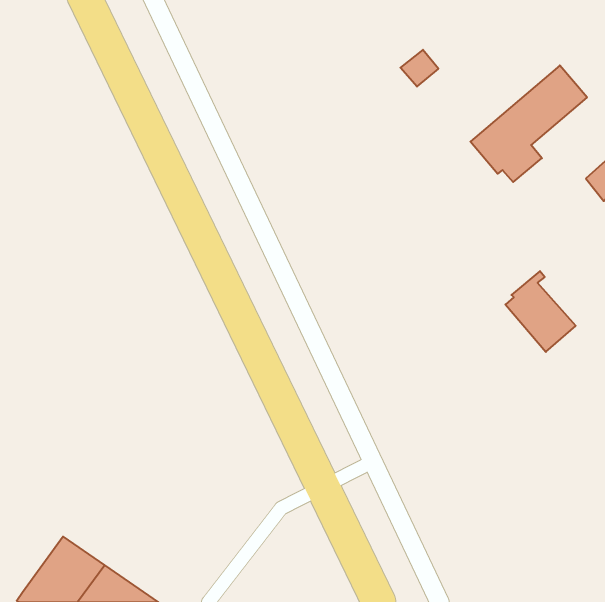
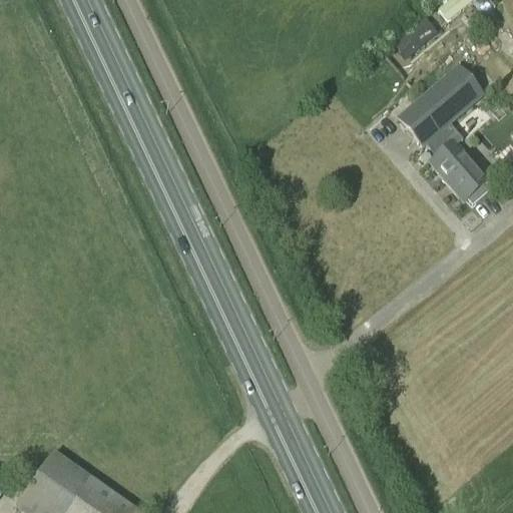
building: [400,50,438,87] -> [395,24,427,55]
building: [505,271,576,352] -> [430,133,489,201]

